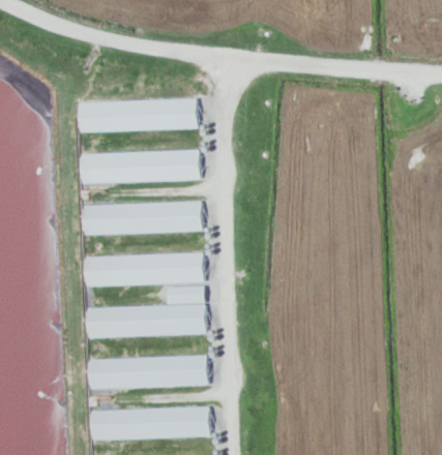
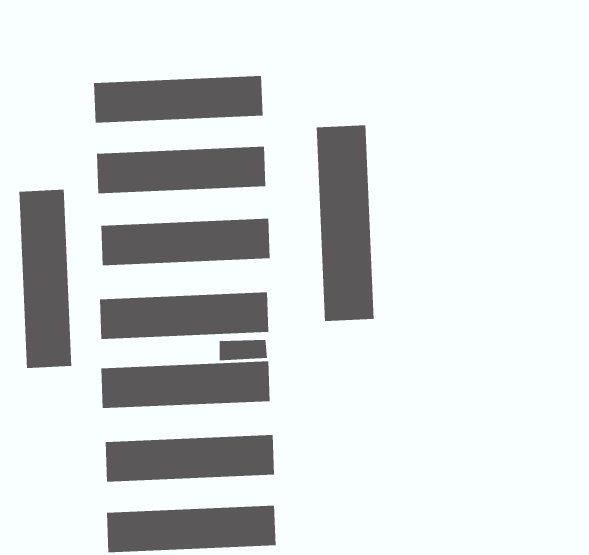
building: none -> [316,124,374,322]
building: none -> [19,189,72,369]

